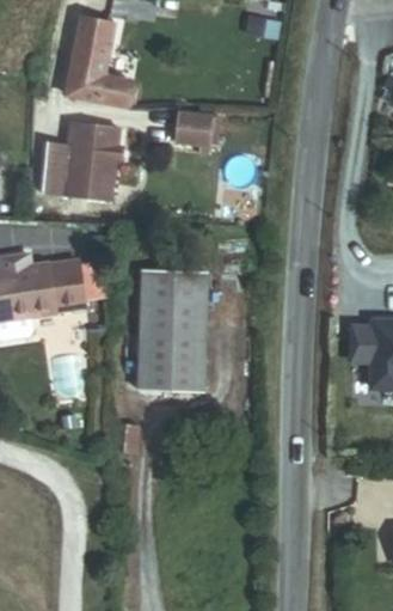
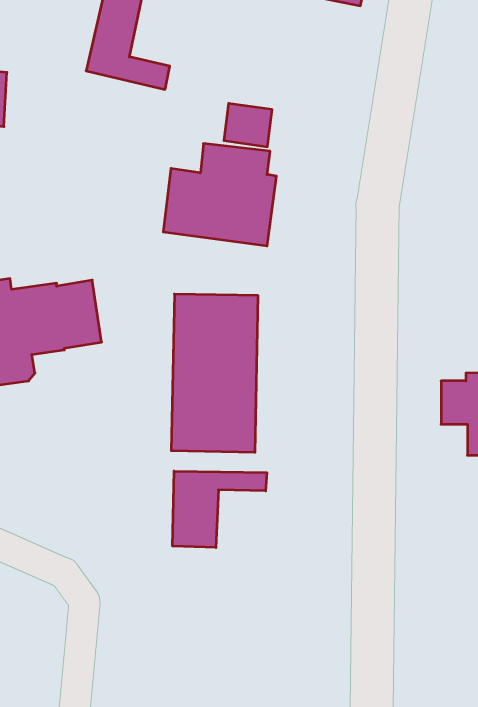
building: [47,123,134,202] -> [163,144,276,246]
building: none -> [173,471,267,548]

